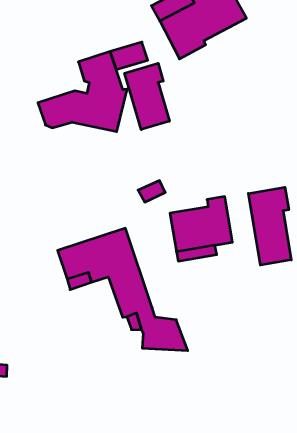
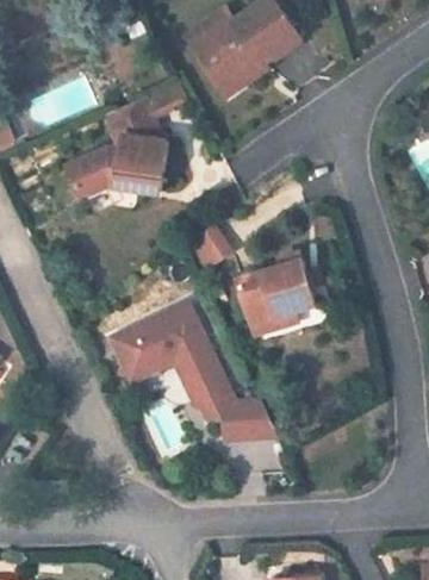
building: [125,63,169,130] -> none
building: [248,187,291,265] -> none

